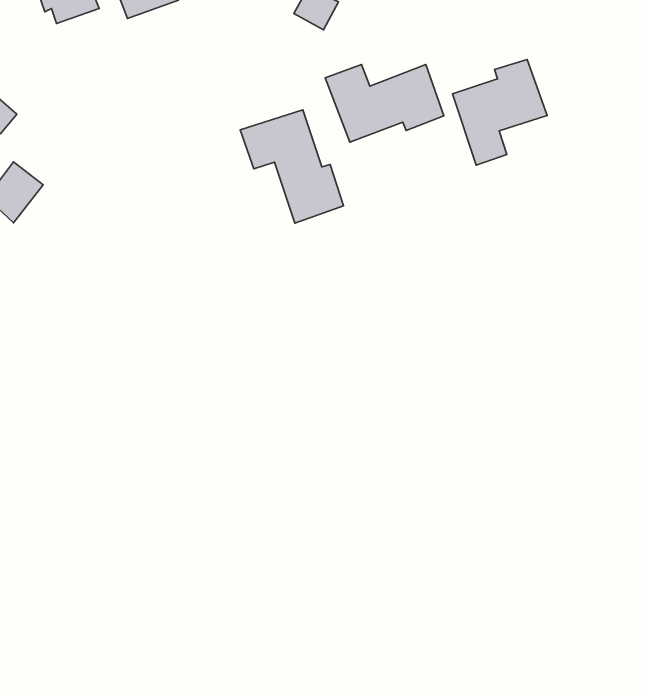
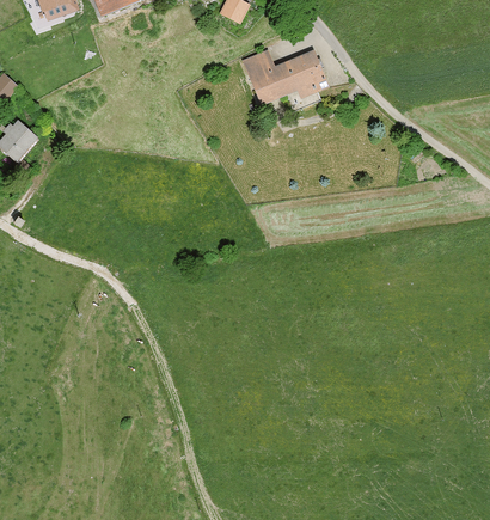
building: [453,60,547,165] -> none
building: [240,110,343,223] -> none

